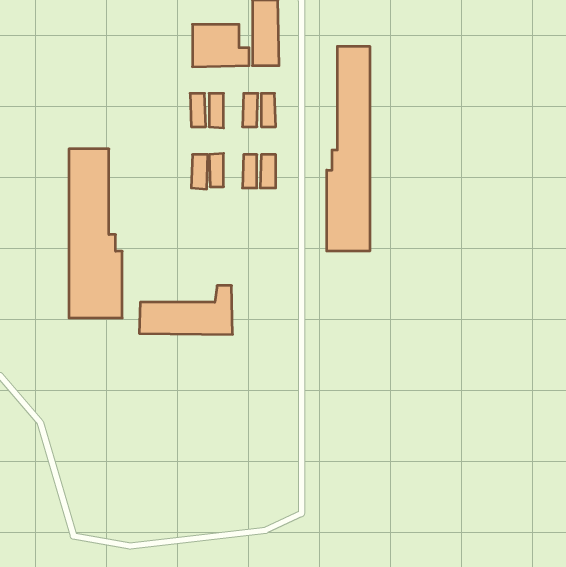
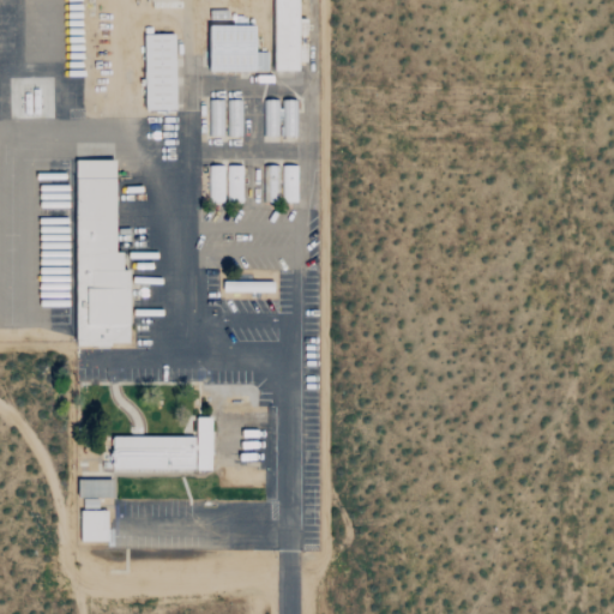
building: none -> [148,36,180,112]
building: [327,46,370,251] -> none
building: [139,286,233,334] -> [110,417,211,470]
building: none -> [79,477,114,496]
building: none -> [80,510,109,540]

